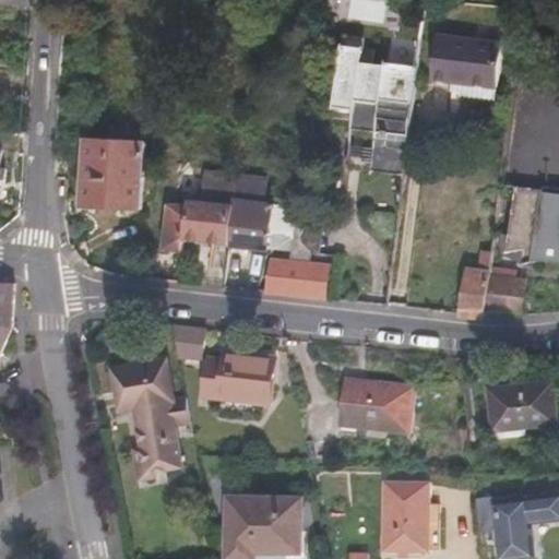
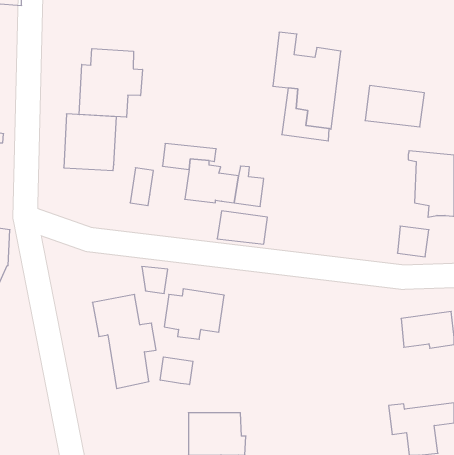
building: [428,39,500,90] -> [365,86,424,127]
building: none -> [79,49,142,117]
building: [182,201,230,242] -> none
building: [459,251,490,316] -> none
building: [336,377,412,429] -> none
building: none -> [160,357,193,385]
building: [380,481,436,549] -> none

